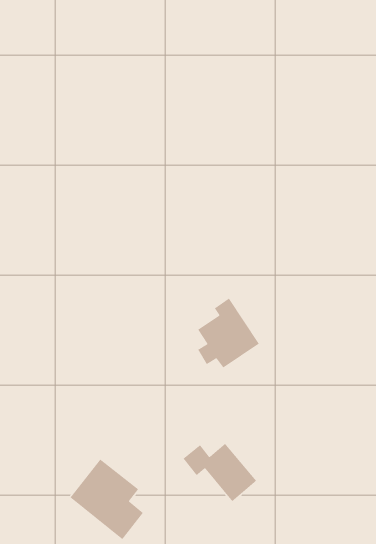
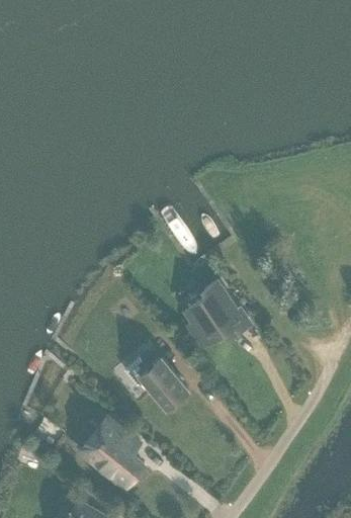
building: [182,443,257,502] -> [123,360,187,411]

